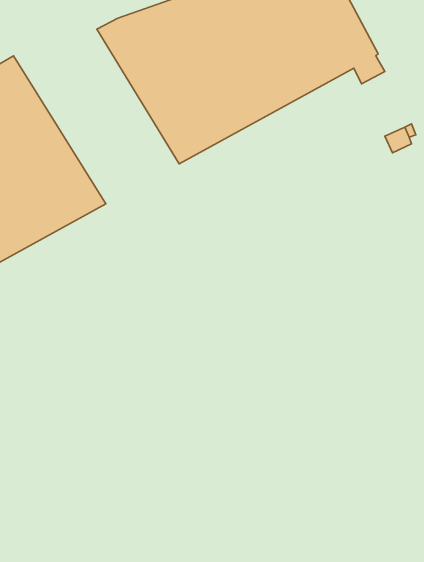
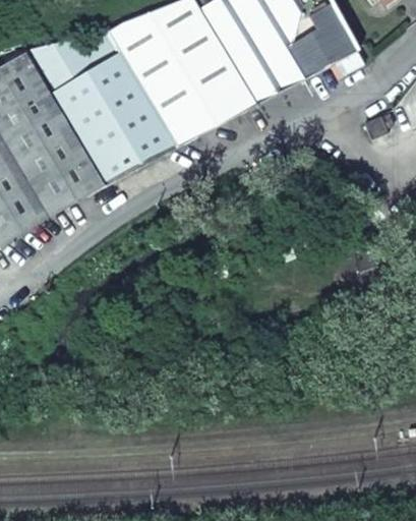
building: none -> [19,27,173,187]

